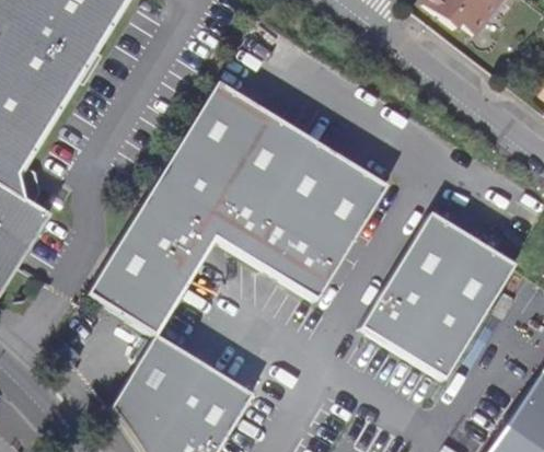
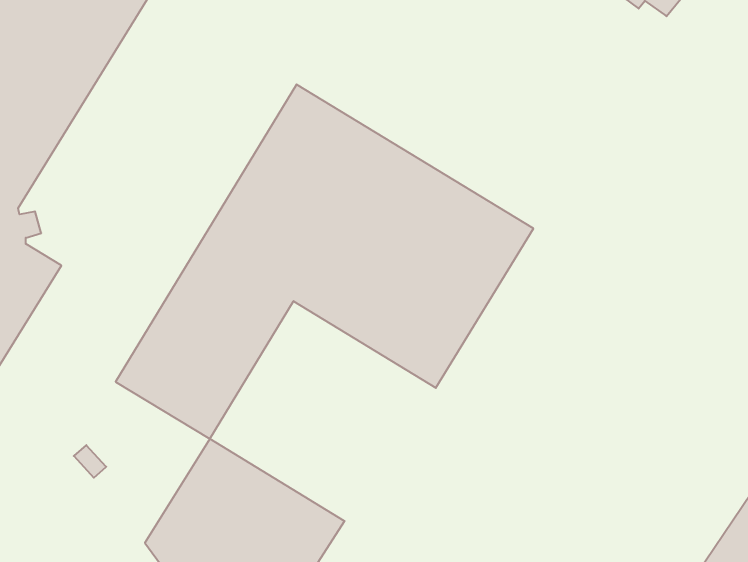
building: [360,211,513,376] -> none

